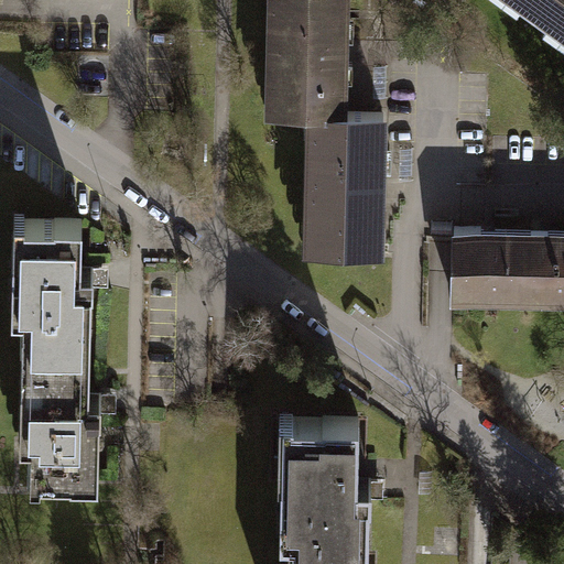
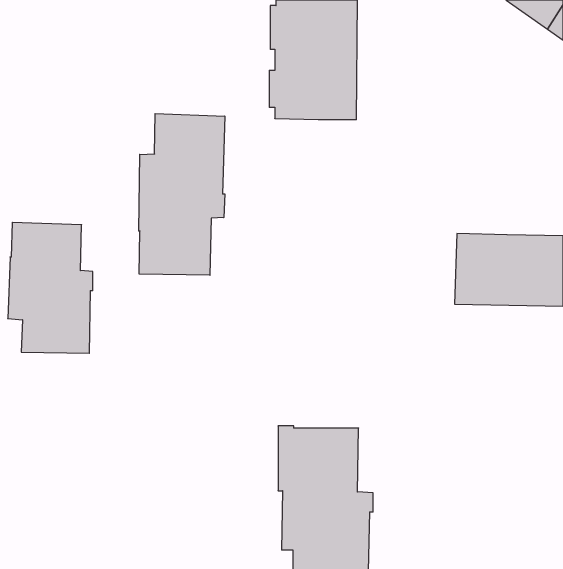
building: none -> [139,114,225,275]
building: [306,120,391,259] -> none
building: [15,349,100,484] -> none

